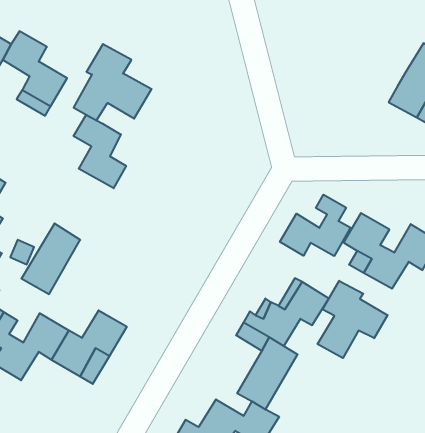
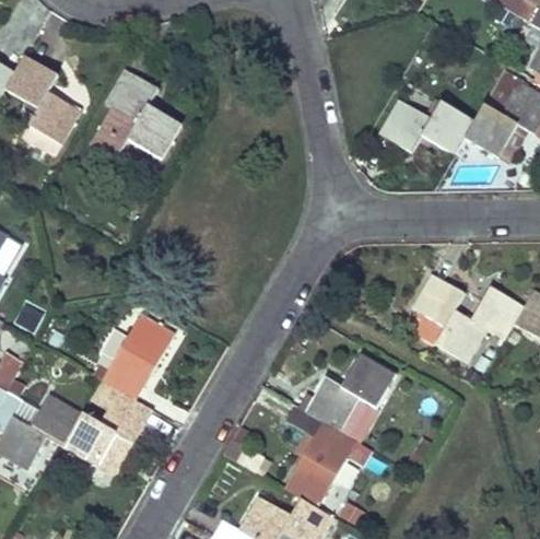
building: none -> [380,102,477,155]
building: [74,115,126,188] -> none
building: [280,195,351,256] -> none
building: [21,223,80,294] -> [103,313,173,397]
building: [318,281,388,358] -> none

